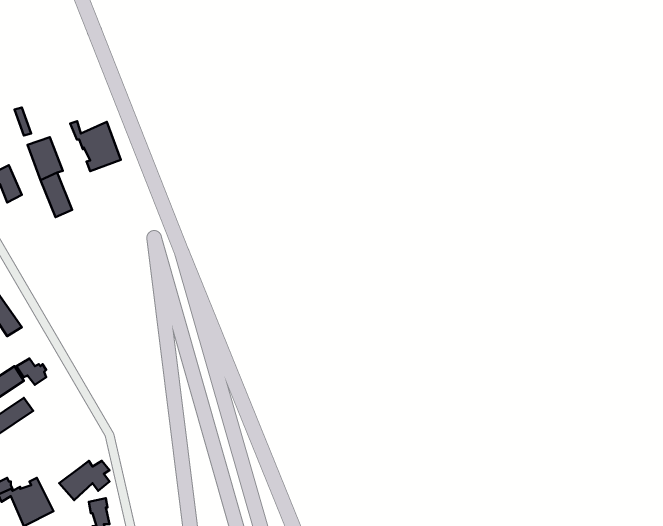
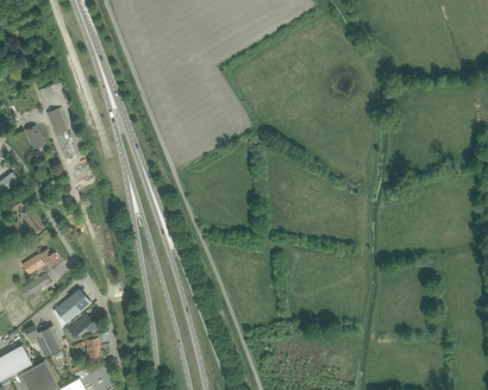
building: [70,121,121,171] -> none
building: none -> [52,289,90,328]

